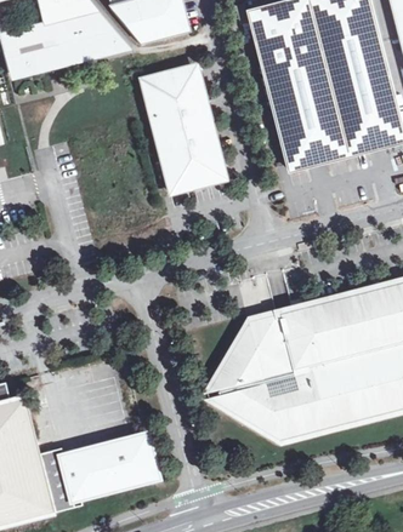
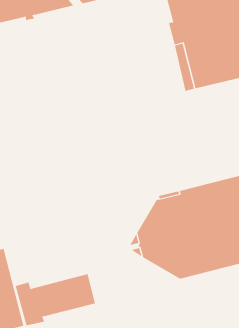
building: [142,67,223,191] -> none

